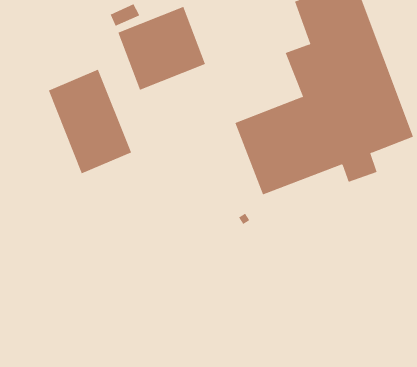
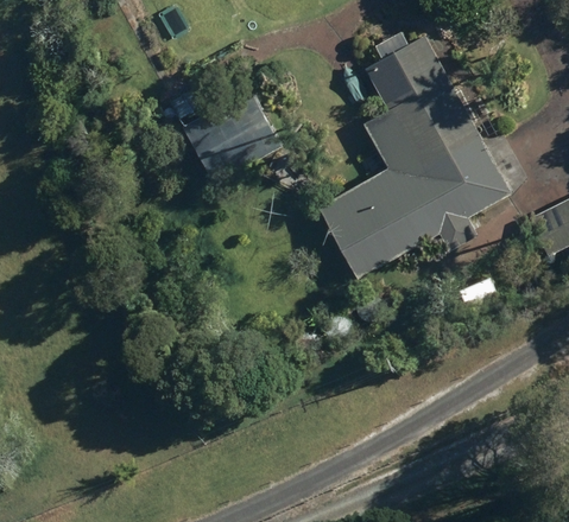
building: [48,69,132,174] -> none

